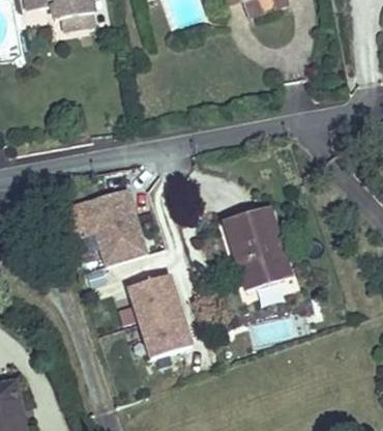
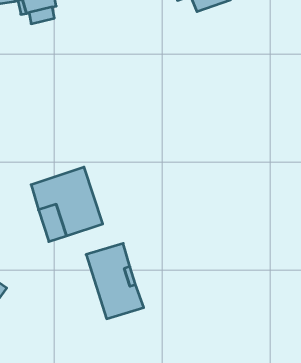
building: [224,205,293,291] -> none

